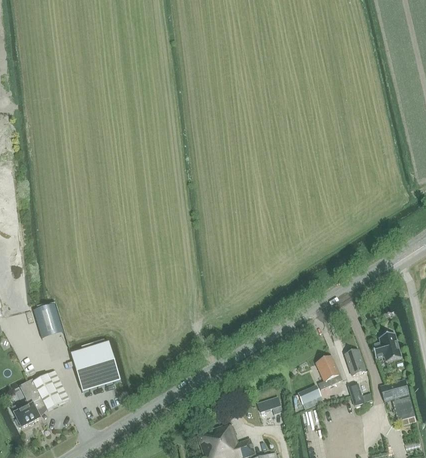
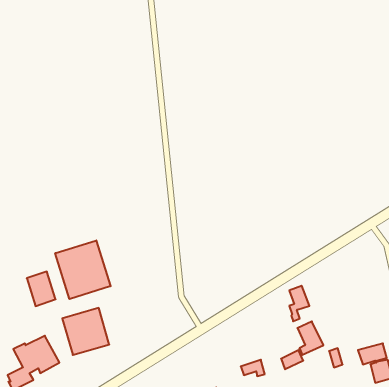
building: none -> [55,240,111,299]
building: [371,333,400,361] -> none
building: [344,350,365,387] -> [289,286,309,321]

